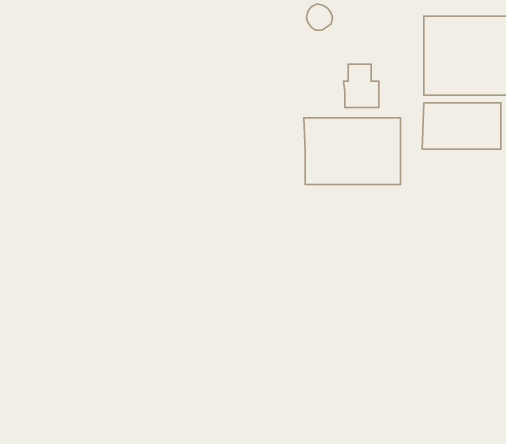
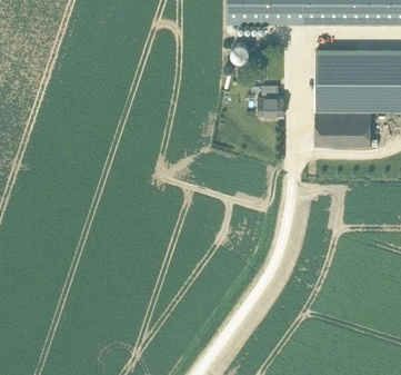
building: [304,118,401,185] -> none

